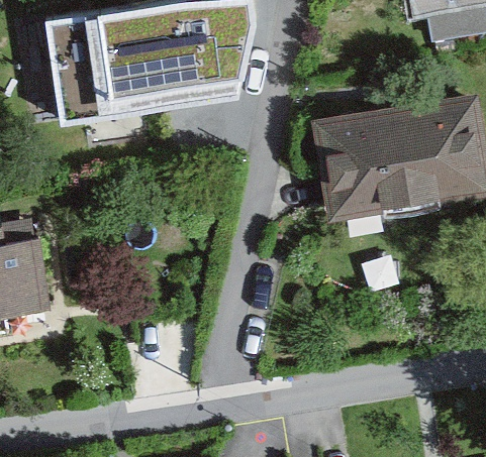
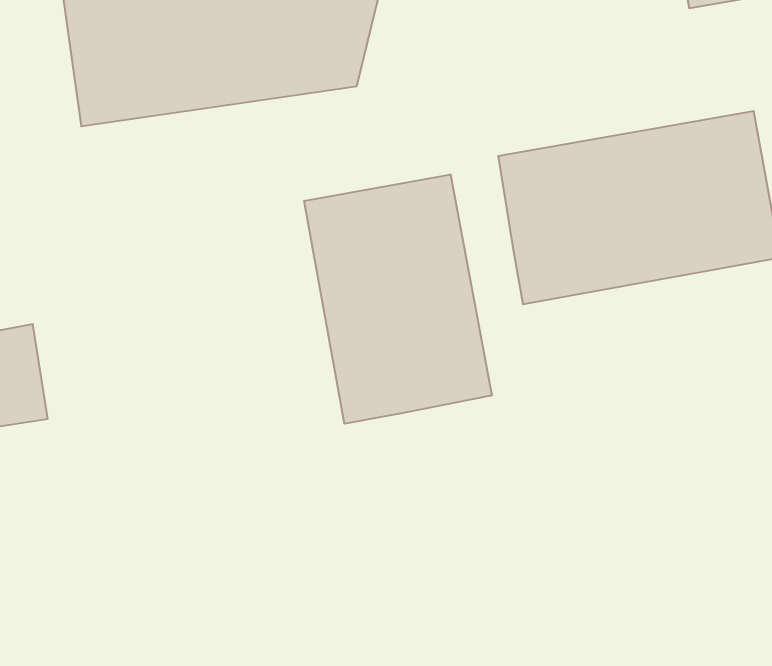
building: none -> [304,174,492,424]

